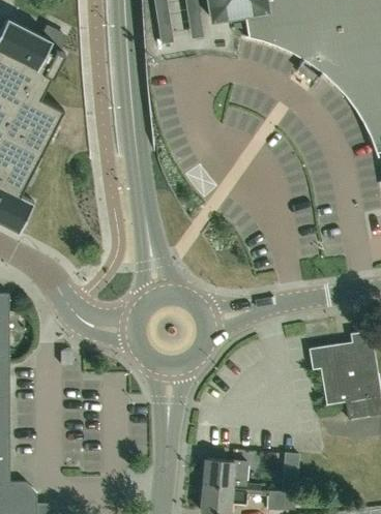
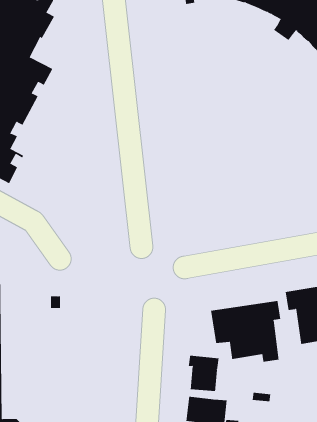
building: none -> [211,300,281,363]
building: none -> [188,355,219,392]

